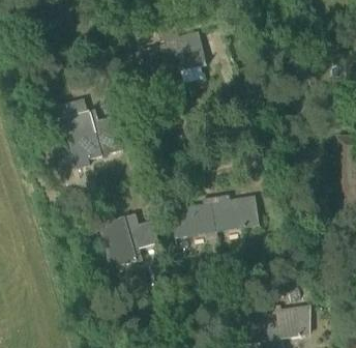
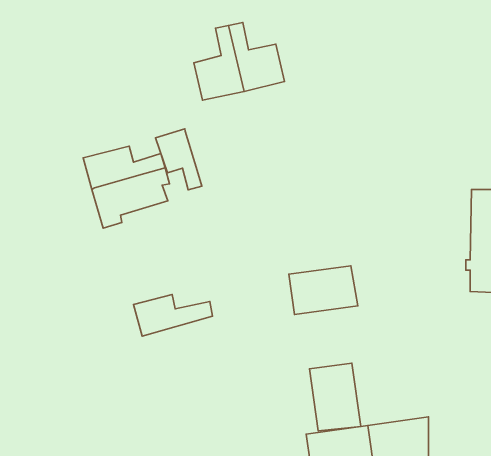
building: none -> [155,129,202,190]
building: [169,202,213,237] -> none
building: [103,232,157,267] -> none
building: none -> [310,363,361,431]

